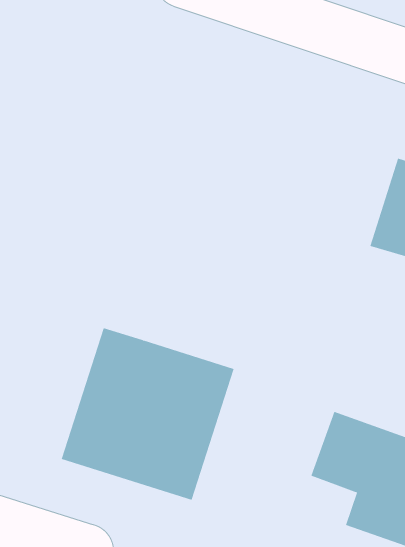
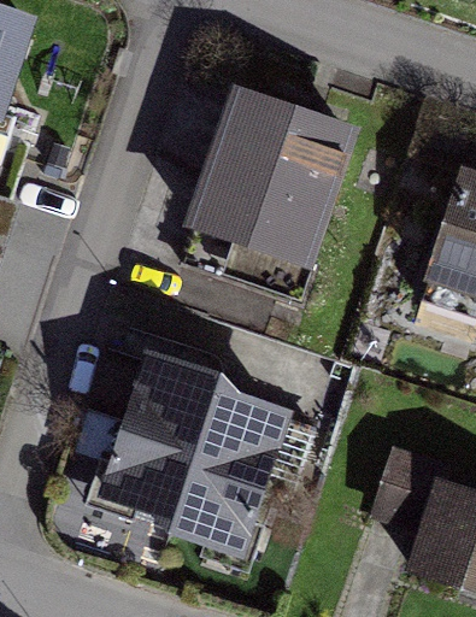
building: none -> [196,96,354,266]

